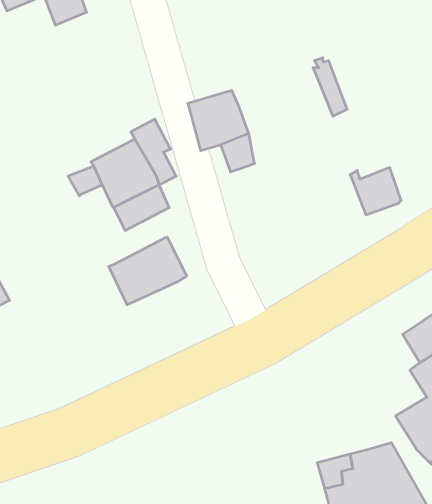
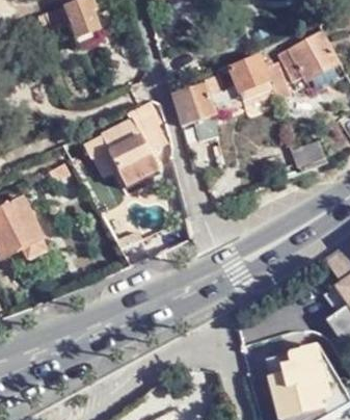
building: none -> [274,28,339,83]
building: none -> [228,55,266,93]
building: [109,237,187,305] -> none

